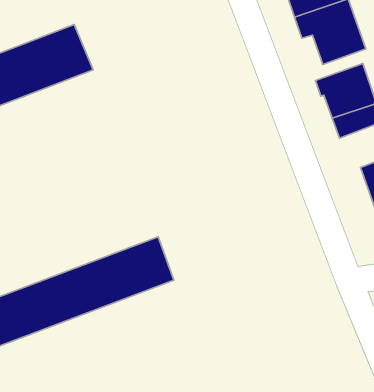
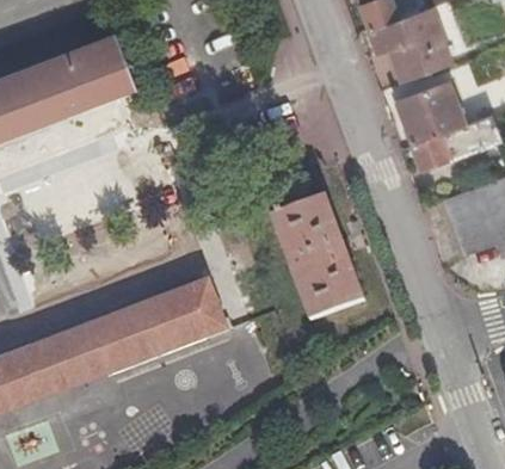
building: none -> [276,192,364,316]

